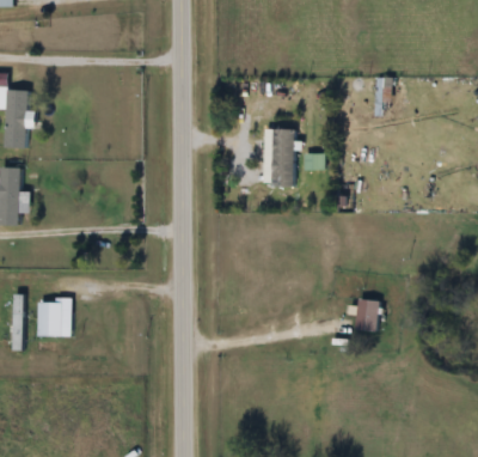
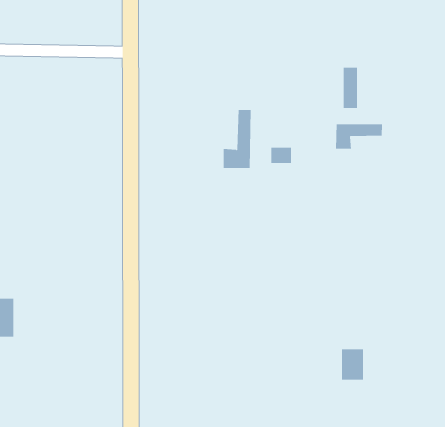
building: none -> [336,123,382,150]
building: [358,300,380,330] -> [341,349,364,380]

